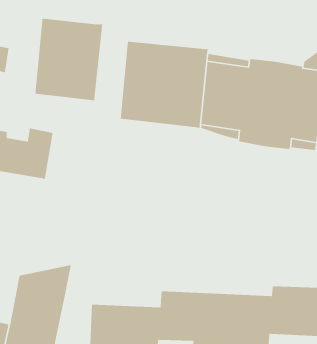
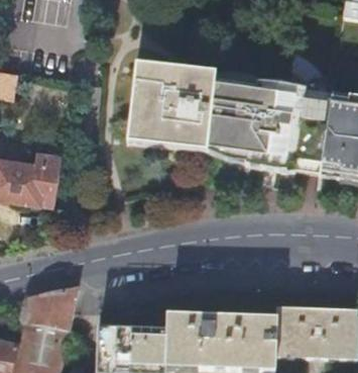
building: [35,17,103,101] -> none

